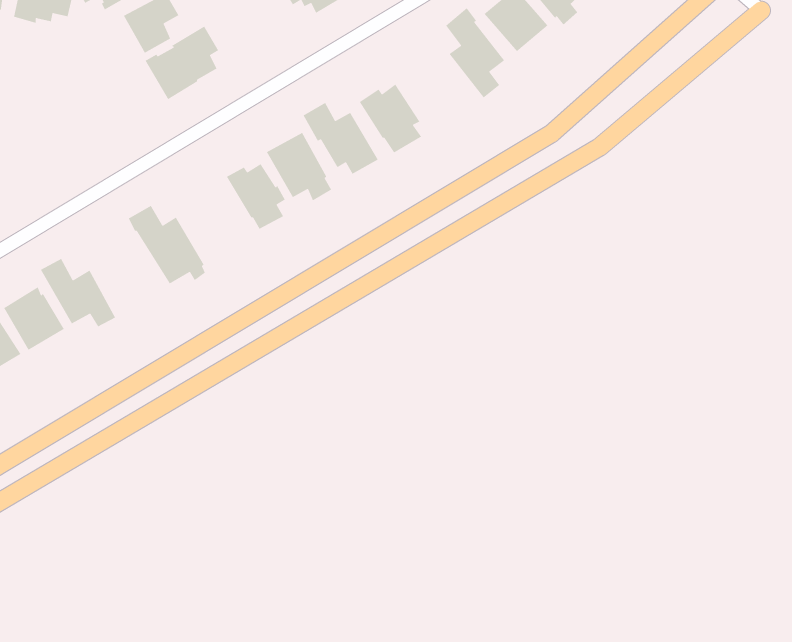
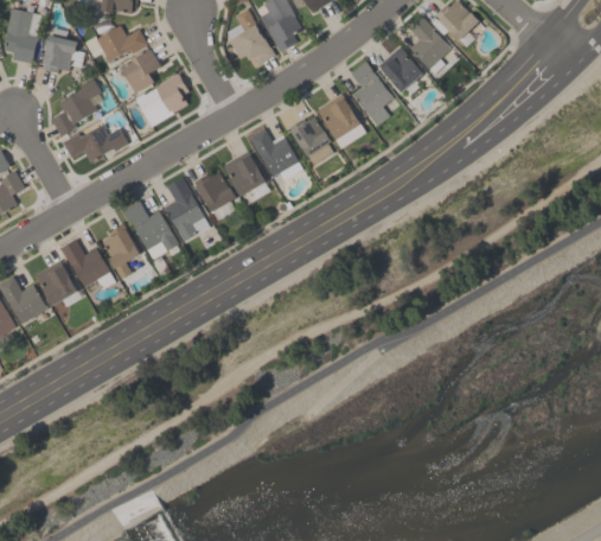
building: none -> [51,82,100,136]
building: none -> [315,93,365,148]
building: none -> [62,125,128,161]
building: none -> [165,177,209,241]
building: none -> [101,224,140,279]

